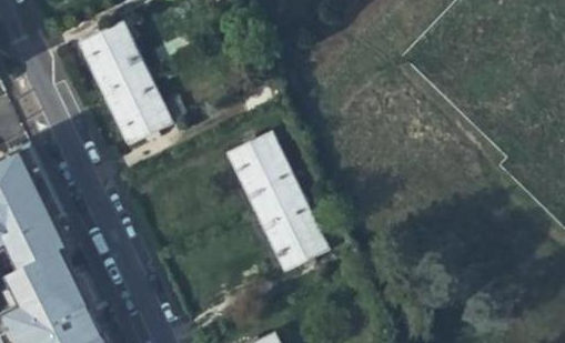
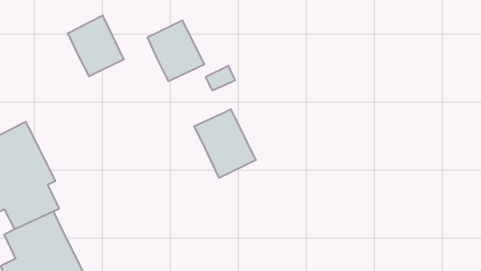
building: [104,73,171,144] -> [147,20,204,81]
building: [256,191,327,268] -> none

